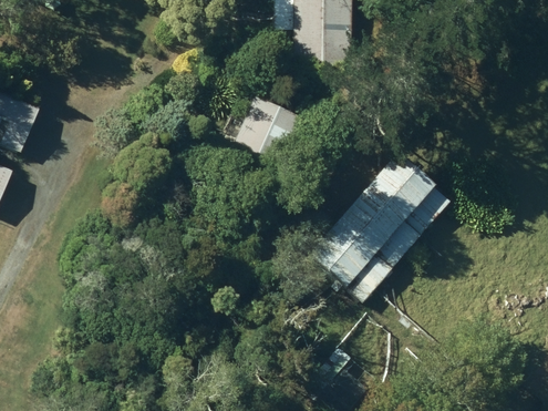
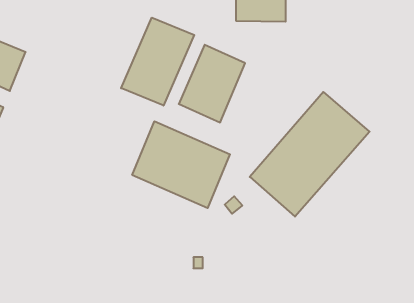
building: none -> [121,18,194,106]
building: none -> [132,121,230,208]

